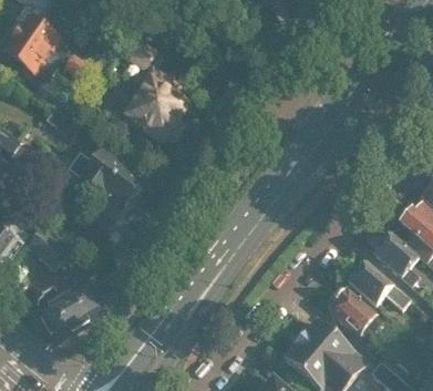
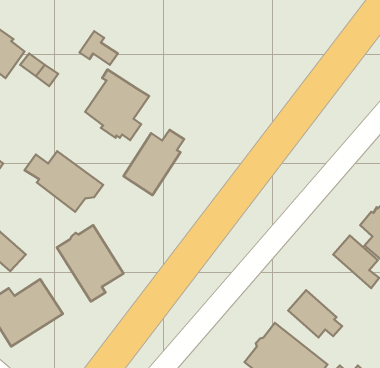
building: none -> [123,130,184,195]
building: none -> [57,225,124,302]
building: [347,261,409,309] -> none

